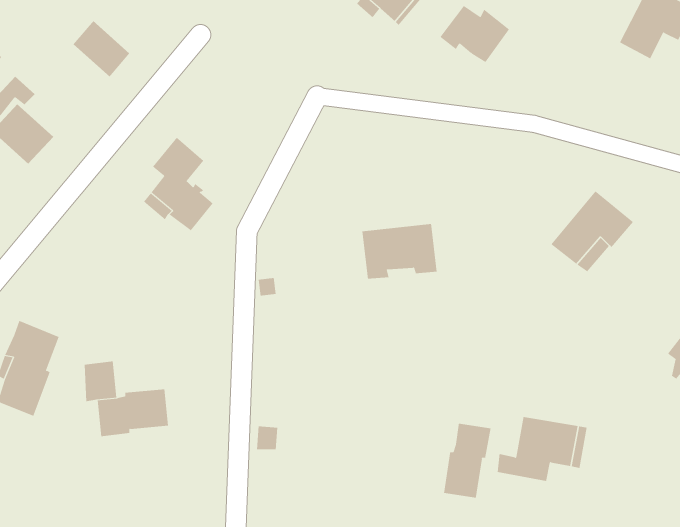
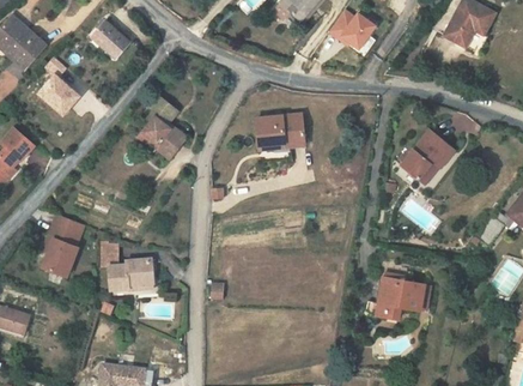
building: [362,224,438,279] -> [256,114,305,150]
building: [443,423,491,499] -> none

